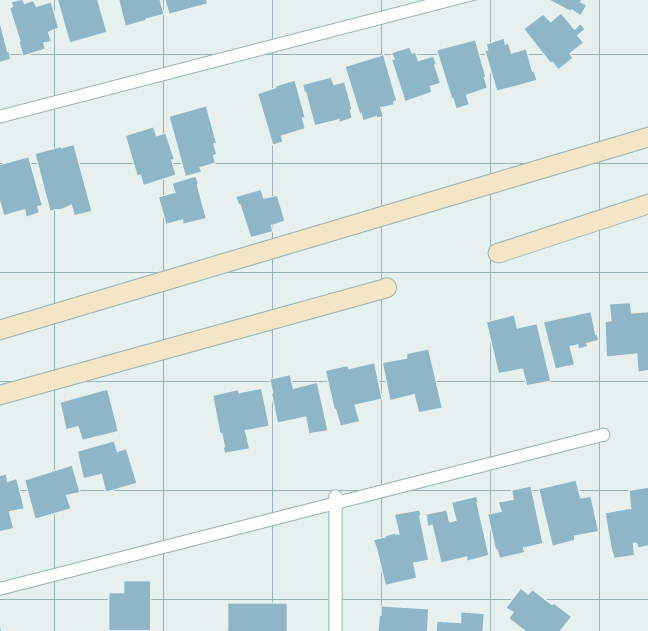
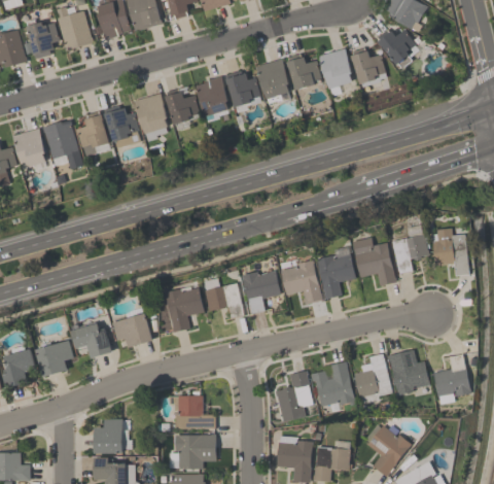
building: [158,176,206,224] -> [76,114,109,147]
building: [235,189,285,237] -> [165,92,199,125]
building: none -> [318,247,356,299]
building: [60,389,118,440] -> [113,313,153,348]
building: none -> [170,395,215,429]

